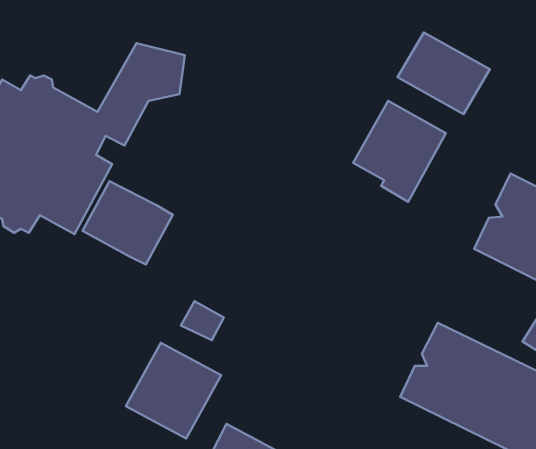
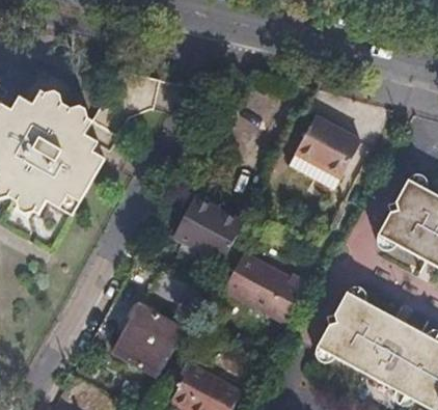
building: [397,32,490,114] -> none
building: [83,181,173,264] -> [171,197,241,262]
building: none -> [226,254,307,323]

